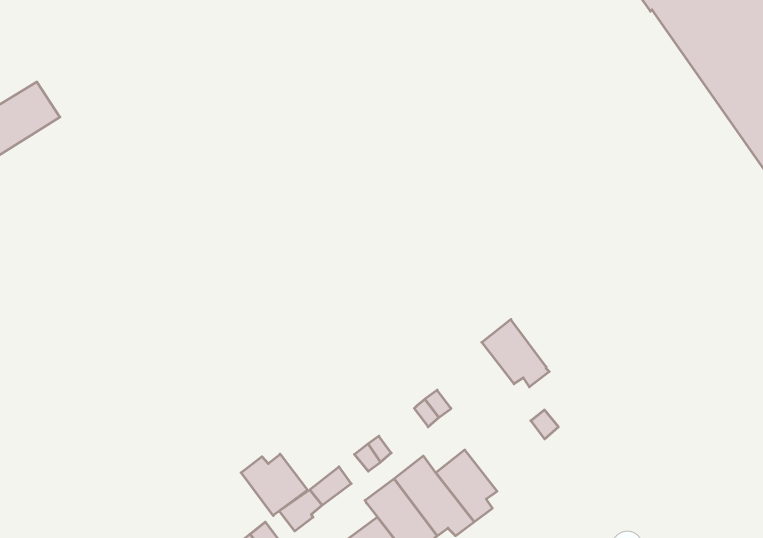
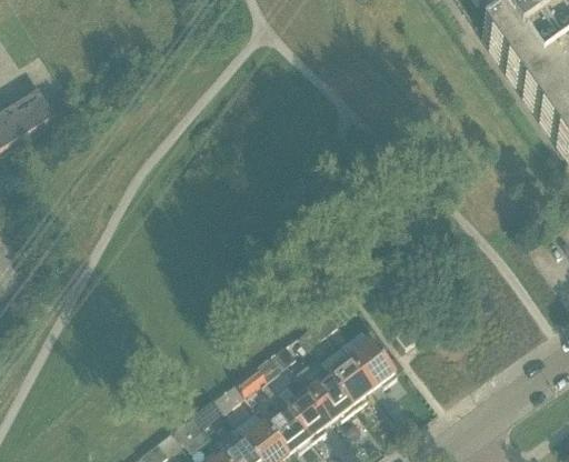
building: [482,319,549,387] -> [350,338,399,386]
building: [241,454,307,516] -> none

